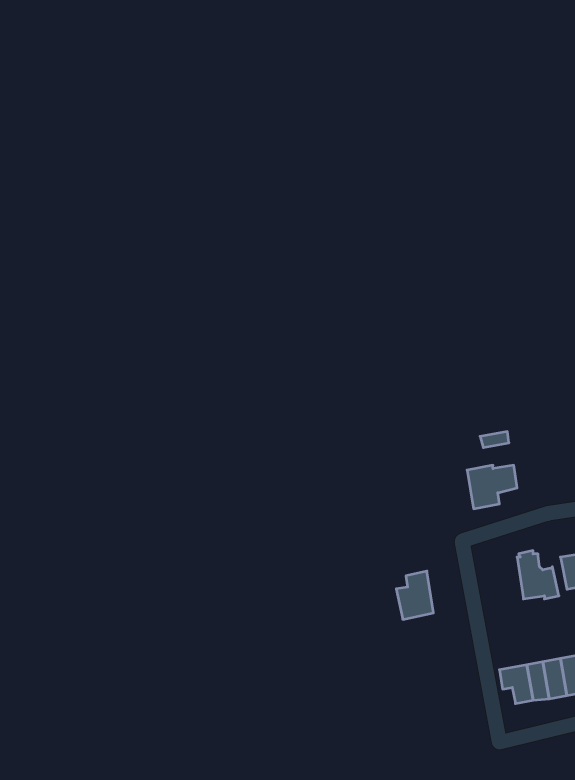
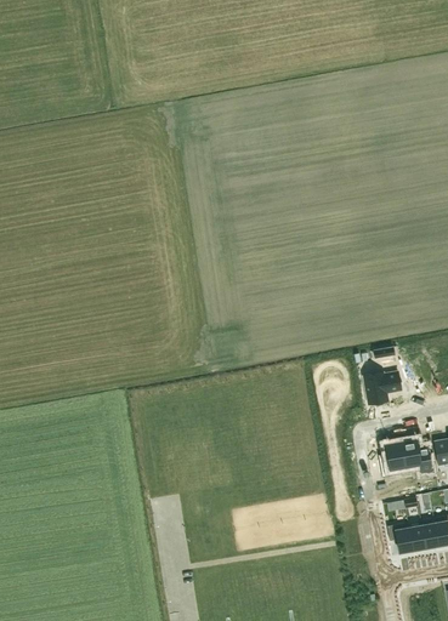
building: [396,571,433,619] -> [378,443,406,479]

